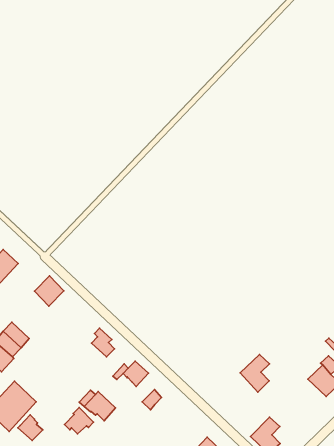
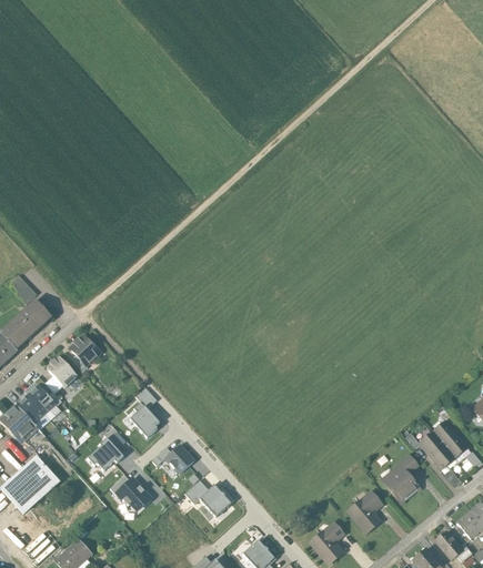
building: none -> [46,355,79,389]
building: [240,354,270,392] -> [348,490,383,535]
building: none -> [199,483,231,515]
building: [65,407,94,434] -> [89,436,123,467]
building: [18,415,43,440] -> none

